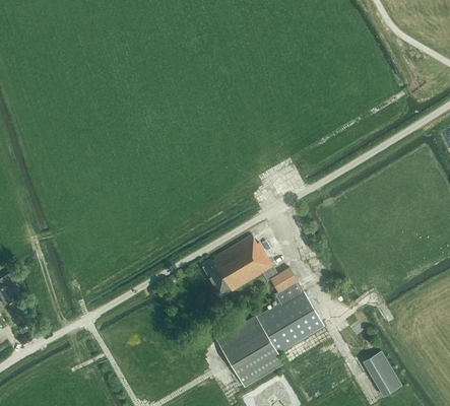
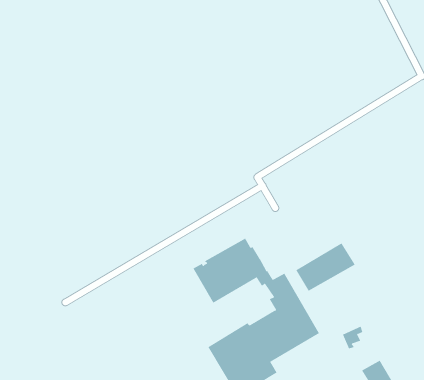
building: none -> [296,242,355,291]

